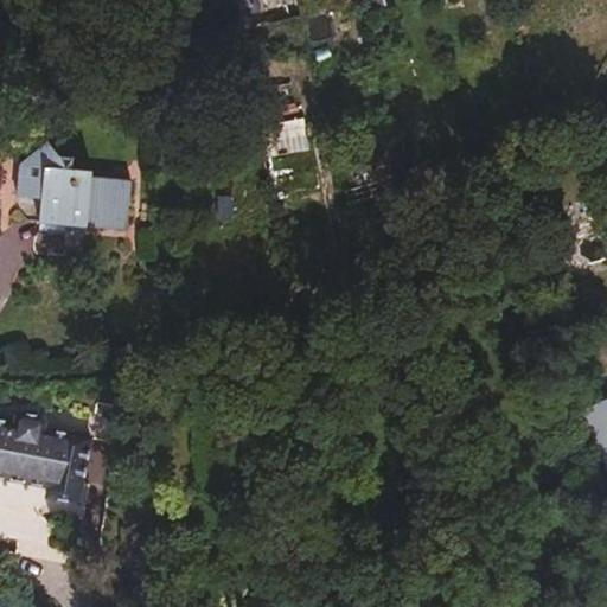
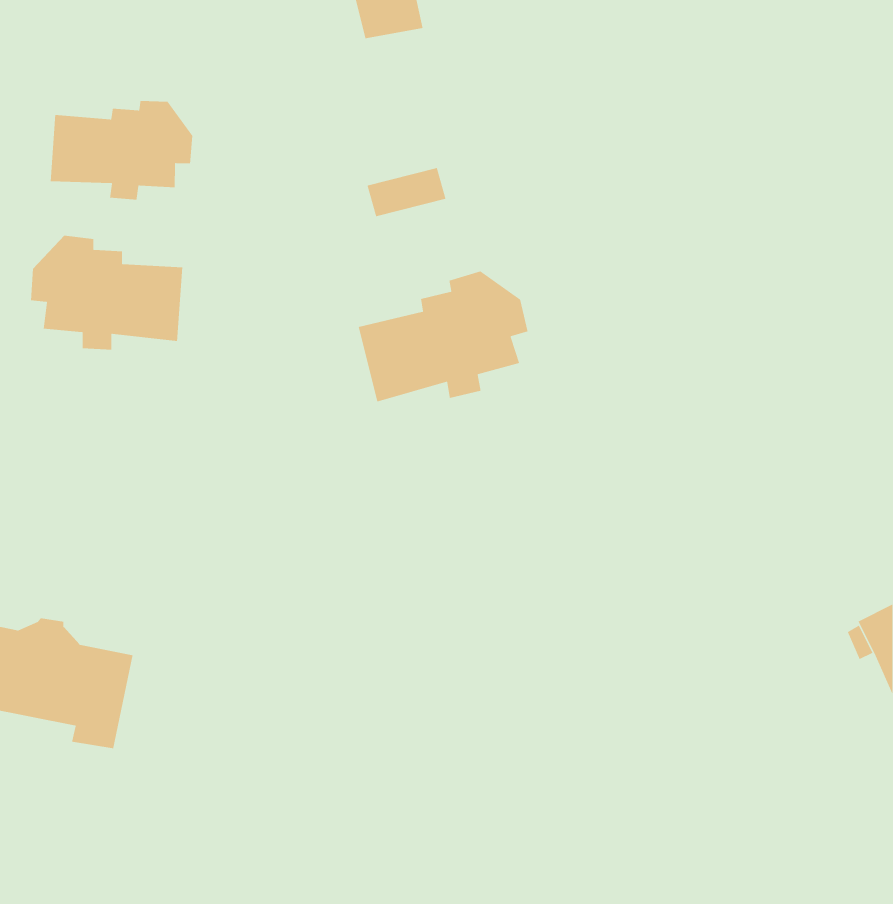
building: none -> [50,100,193,201]
building: none -> [358,271,528,402]

